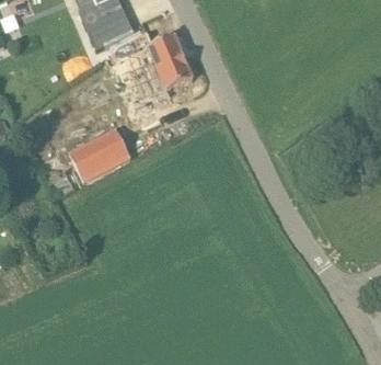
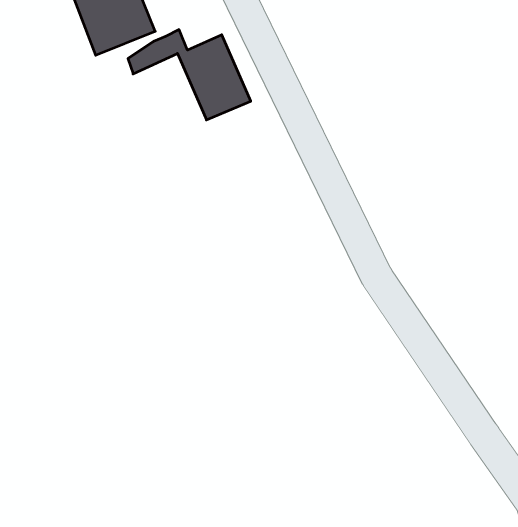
building: [69,127,130,181] -> none

